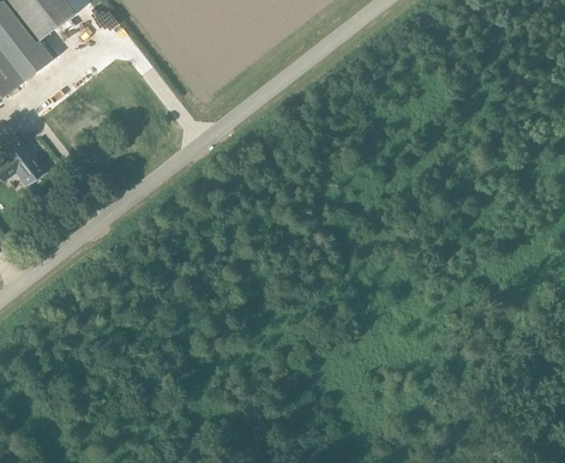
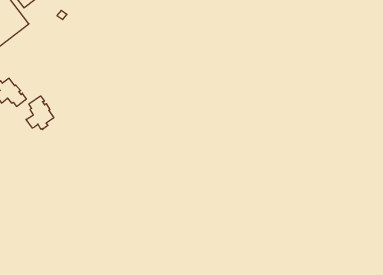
building: none -> [26,96,54,130]

